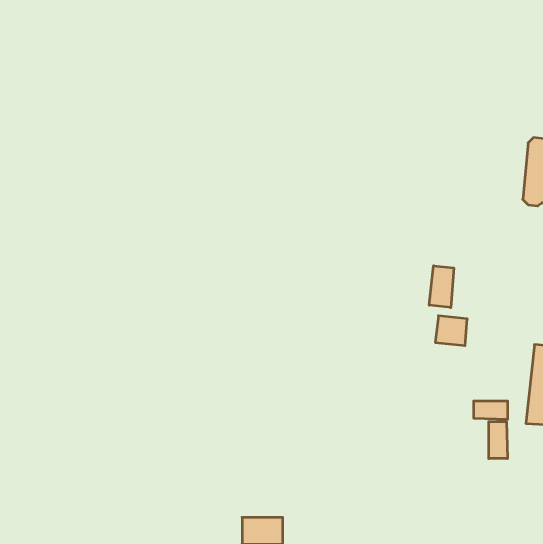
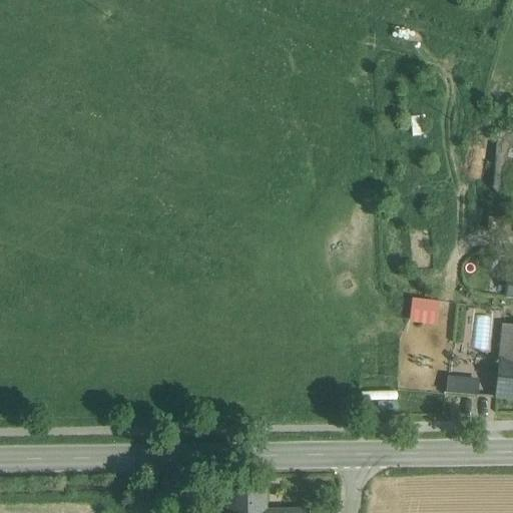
building: [429,266,454,308] -> none
building: [489,422,507,459] -> none

